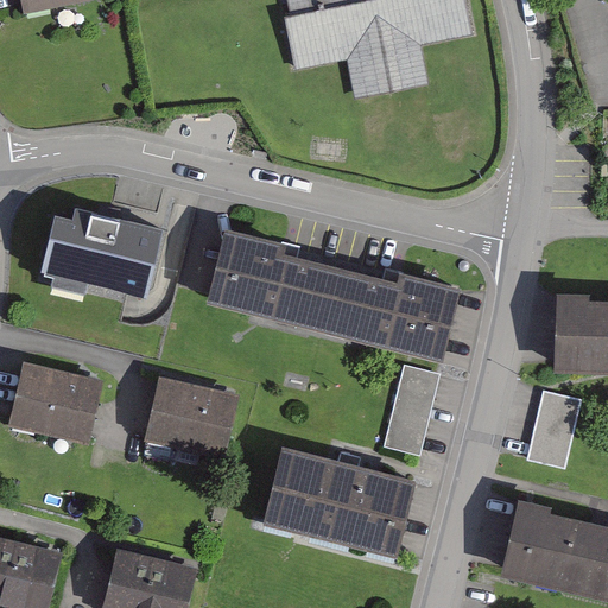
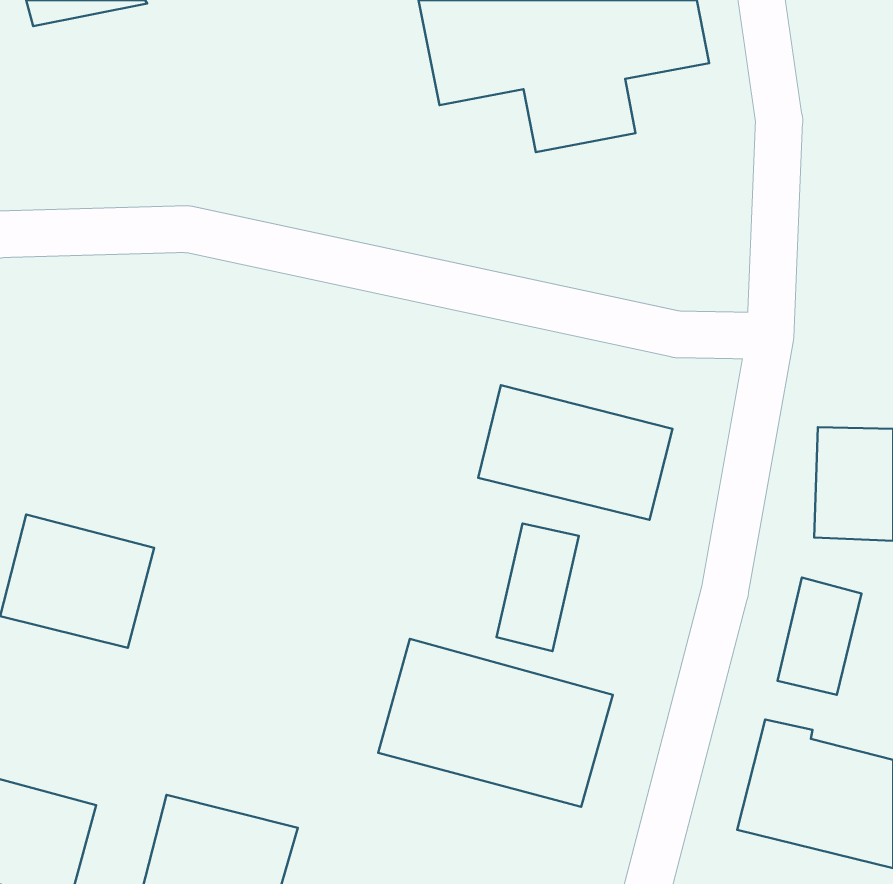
building: [38,204,162,292] -> none
building: [210,240,340,331] -> none
building: [384,372,439,458] -> [496,524,579,651]
building: [142,375,234,458] -> none

